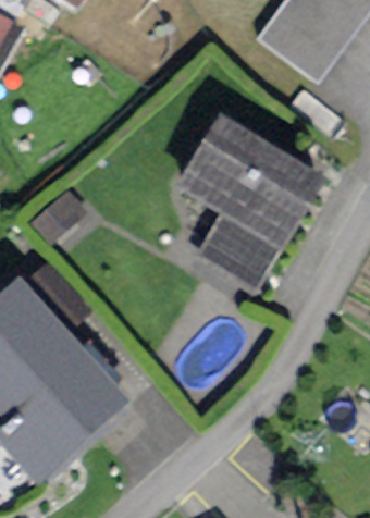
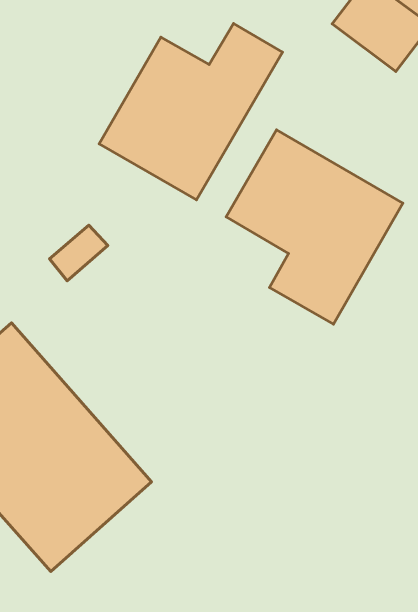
building: none -> [99,24,282,200]

